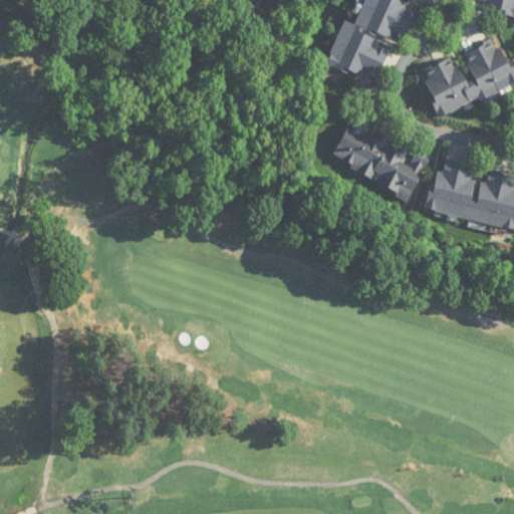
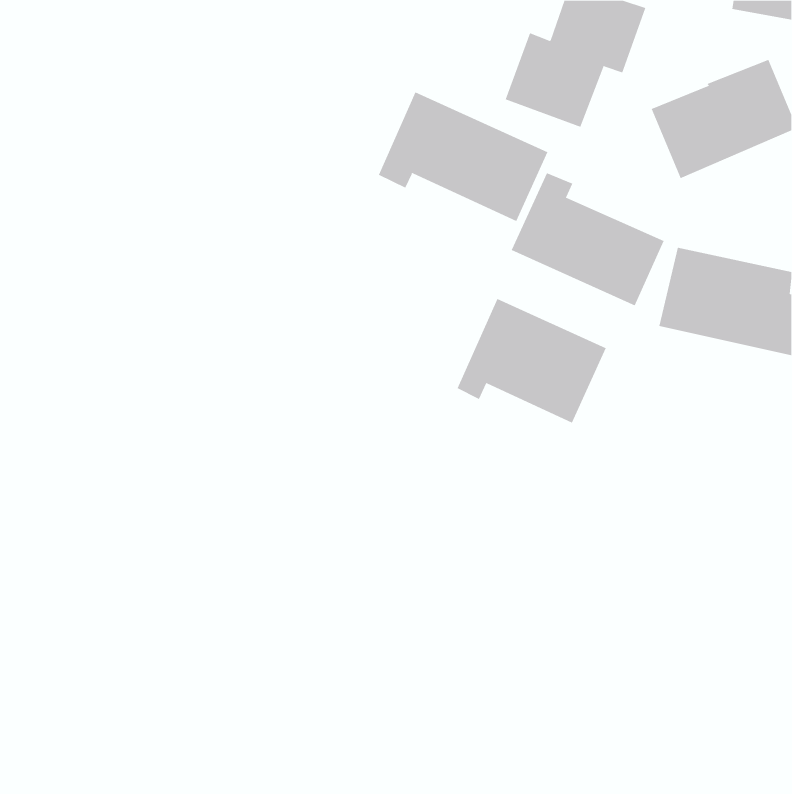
building: none -> [378,91,548,222]
building: none -> [457,298,606,424]

